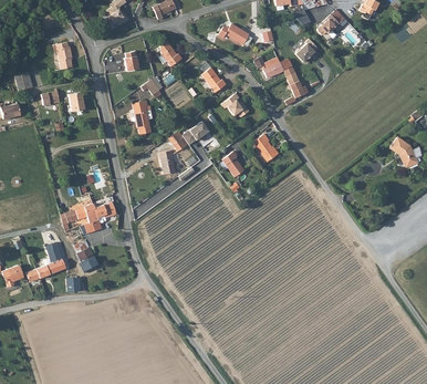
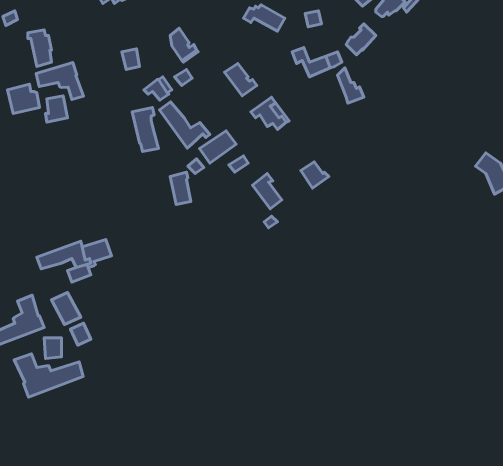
building: none -> [36,62,83,99]
building: none -> [160,102,210,148]
building: none -> [14,354,83,397]

